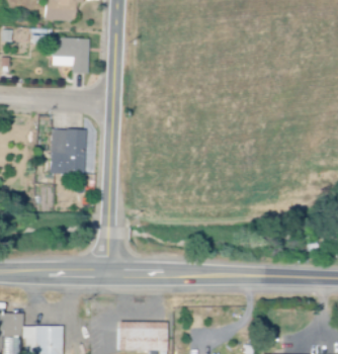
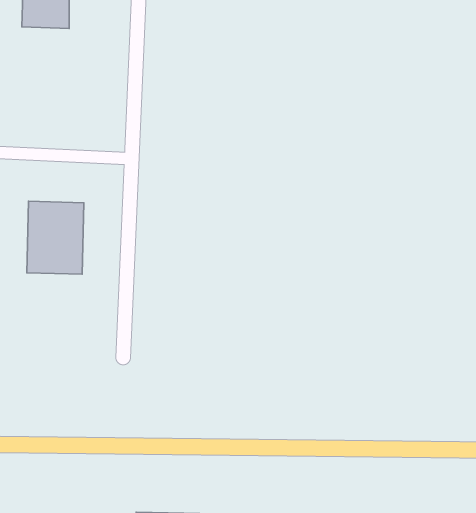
building: [53,37,90,73] -> none

